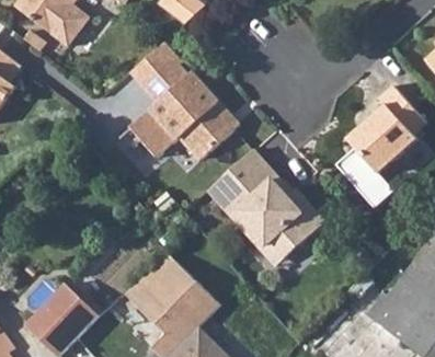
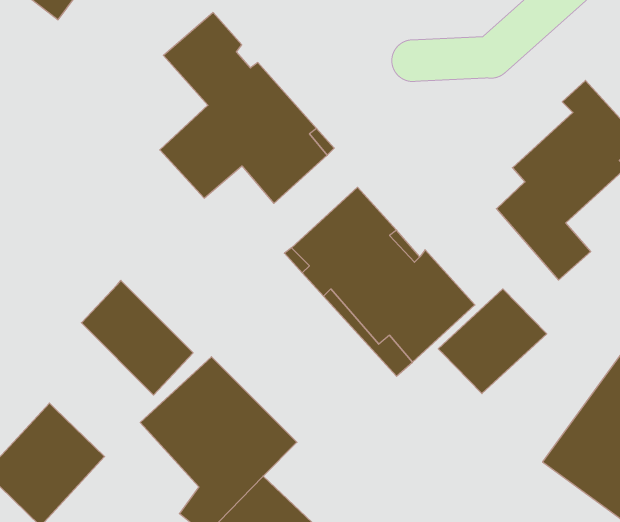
building: none -> [81,280,193,395]
building: none -> [438,289,547,394]

